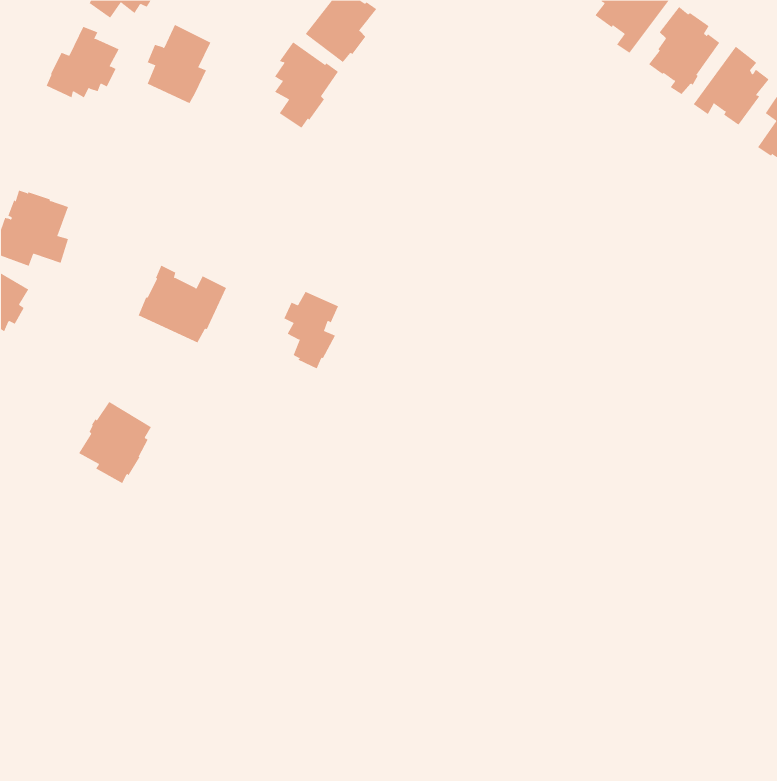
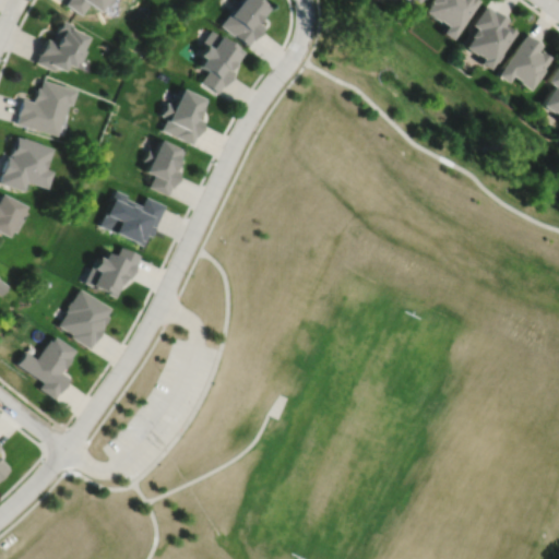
building: [147,24,211,104] -> [163,88,209,145]
building: none -> [17,80,78,135]
building: [284,291,339,369] -> [145,141,185,197]
building: none -> [86,247,142,295]
building: none -> [19,334,78,397]

